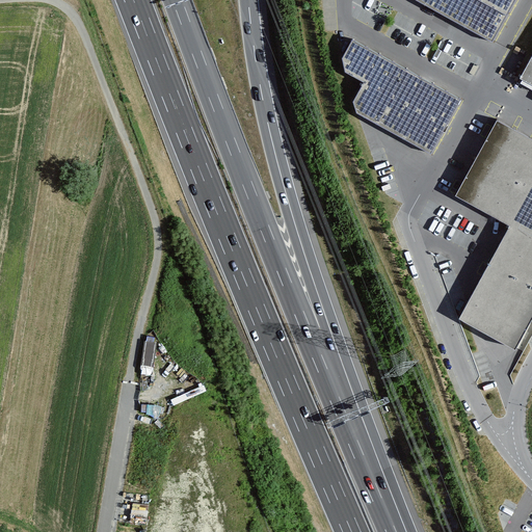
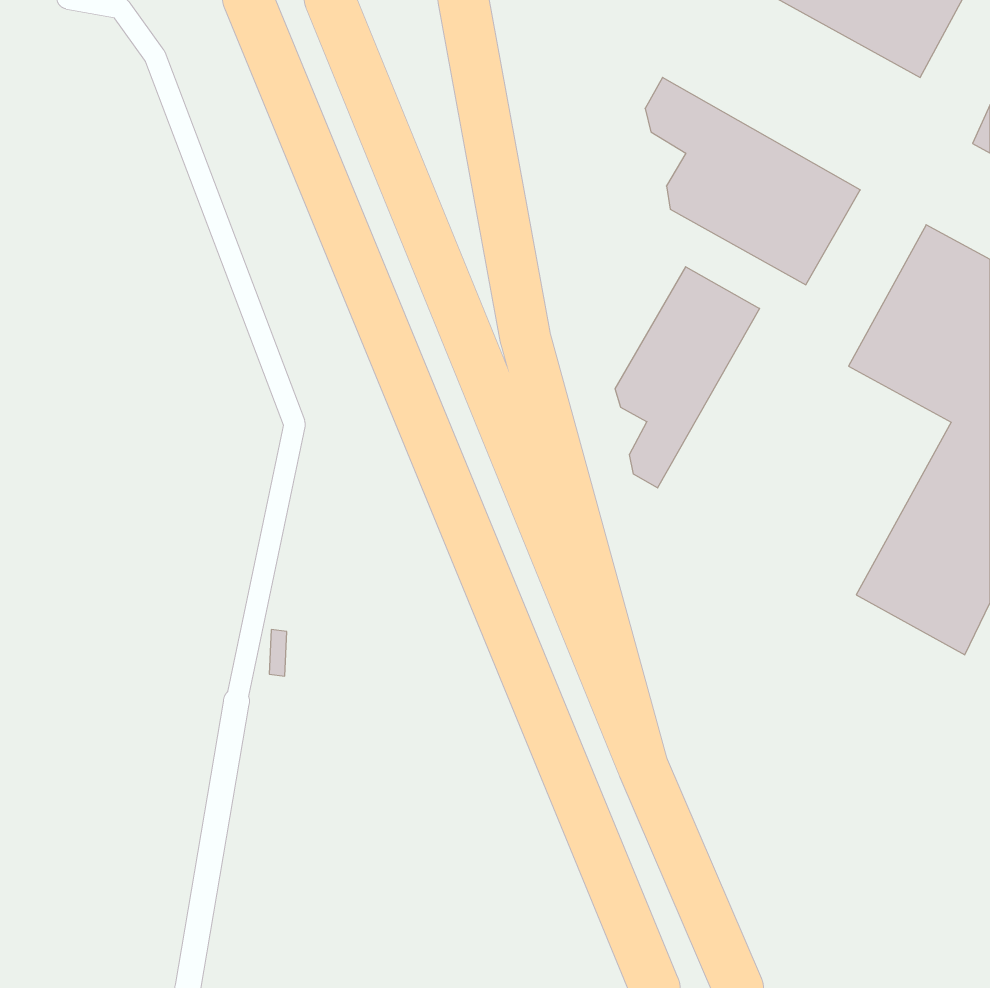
building: none -> [615,267,760,488]

